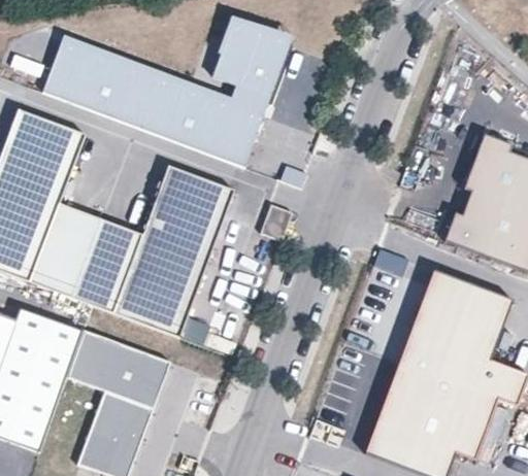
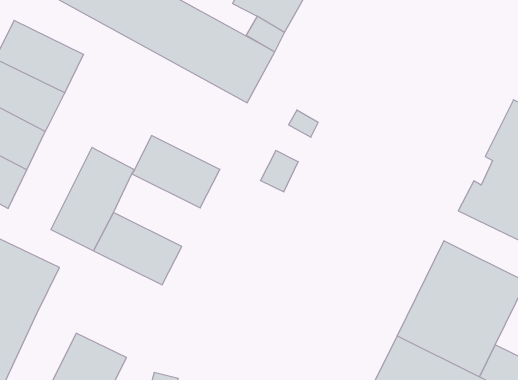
building: [155,165,234,226] -> none
building: [30,202,101,297] -> none
building: [127,238,206,300] -> none
building: [66,329,170,407] -> none

